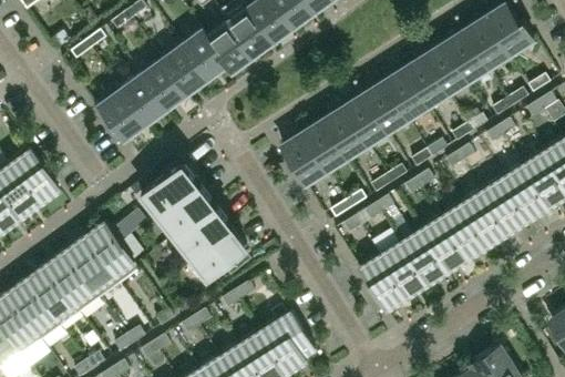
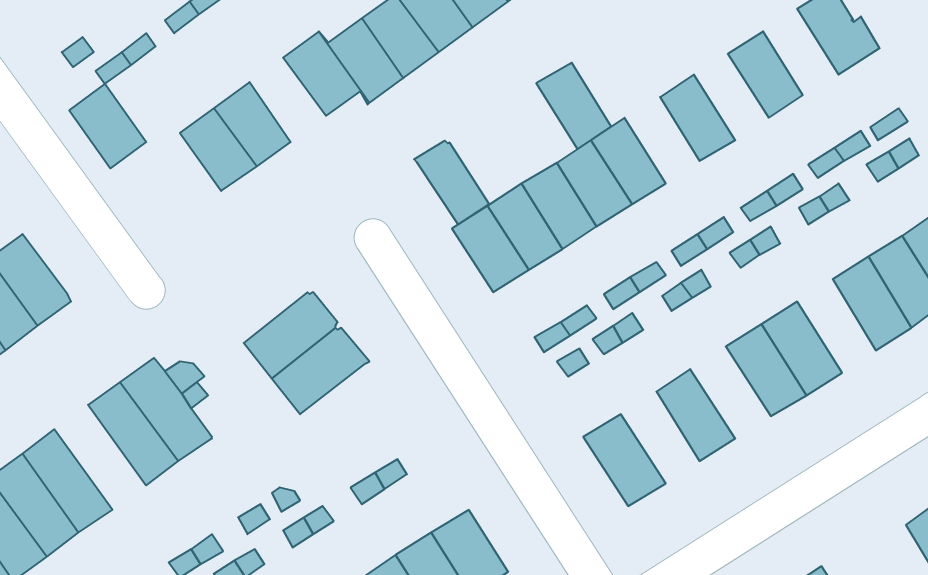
building: [464,16,508,67] -> none
building: [423,42,468,93] -> none
building: [161,44,206,94] -> none
building: [382,68,427,119] -> [536,63,611,149]
building: [99,89,144,139] -> [69,84,146,168]
building: none -> [414,141,489,225]
building: [141,160,196,213] -> none
building: [484,175,531,231] -> none
building: [421,215,469,269] -> none
building: [191,225,248,277] -> none
building: [380,242,427,296] -> none
building: [45,249,100,312] -> none

